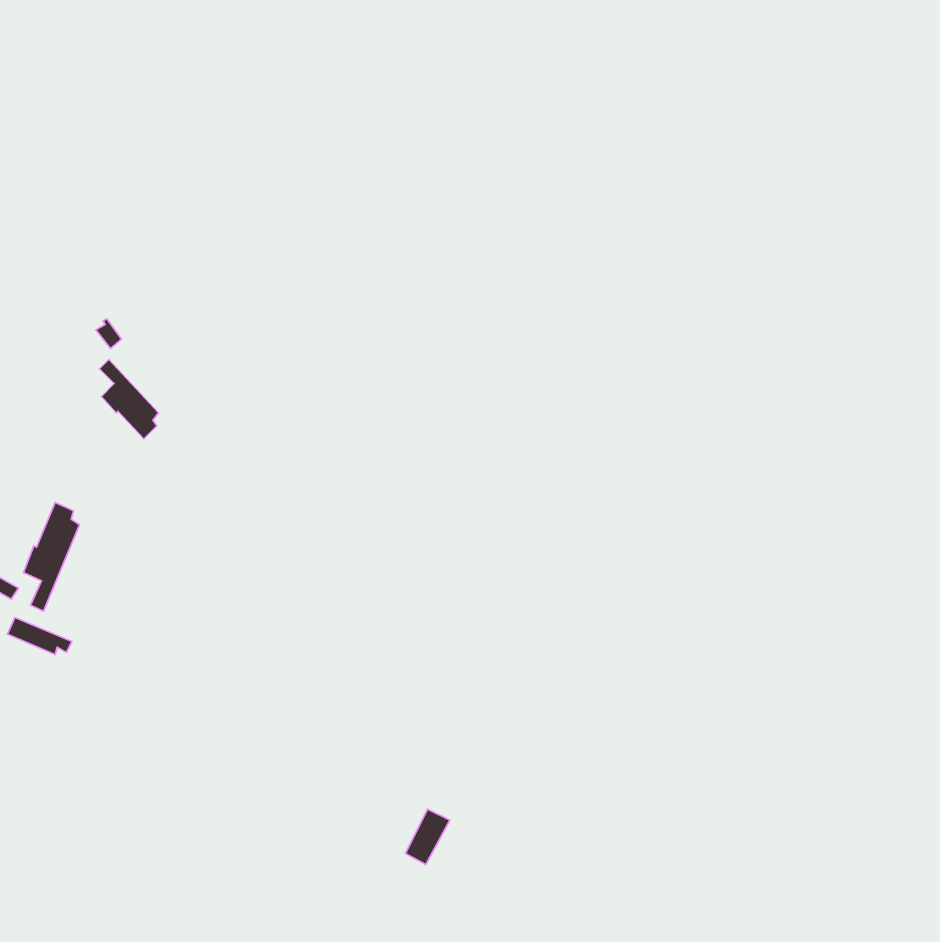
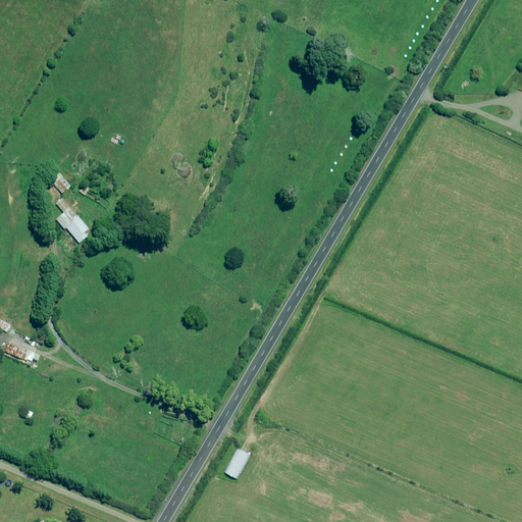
building: [23,502,80,611] -> none

